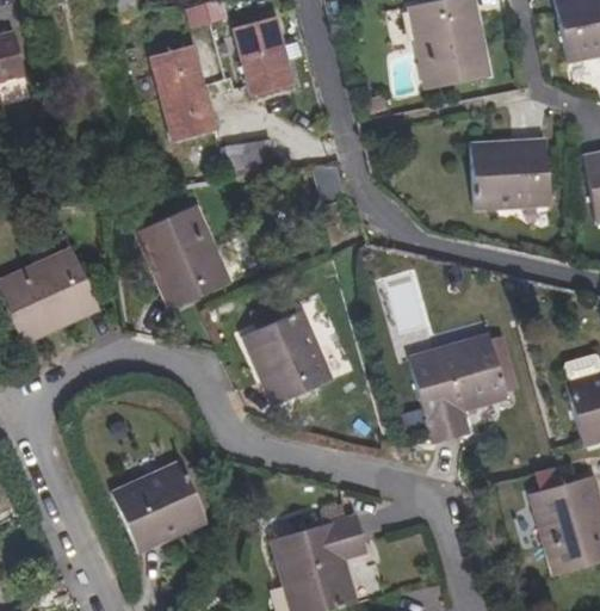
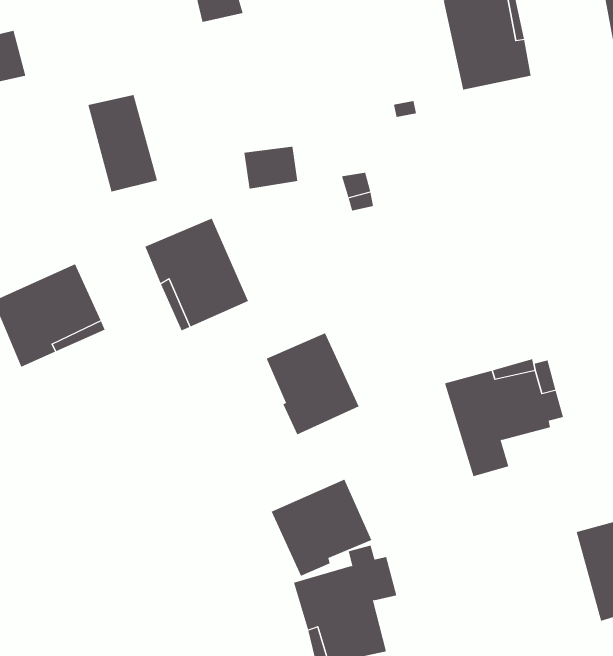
building: [234,19,292,92] -> none
building: [150,48,215,137] -> [87,94,158,192]
building: [471,140,549,209] -> none
building: [112,462,205,551] -> [271,479,372,577]

